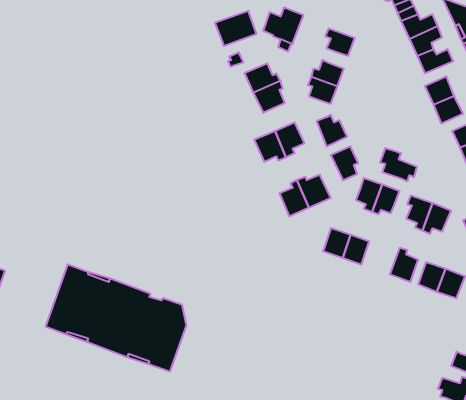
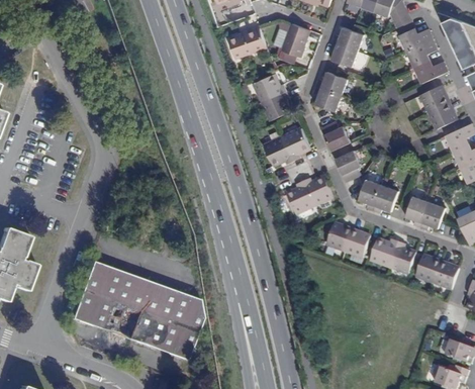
building: none -> [332,25,363,50]
building: [380,148,417,181] -> none
building: none -> [370,240,398,268]

